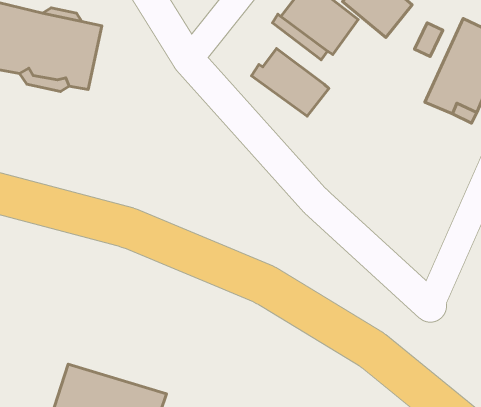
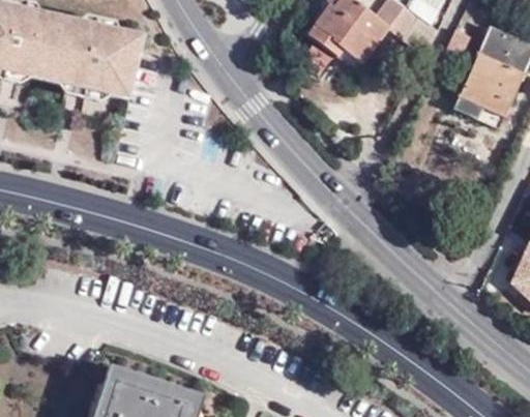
building: [252,49,329,116] -> none

